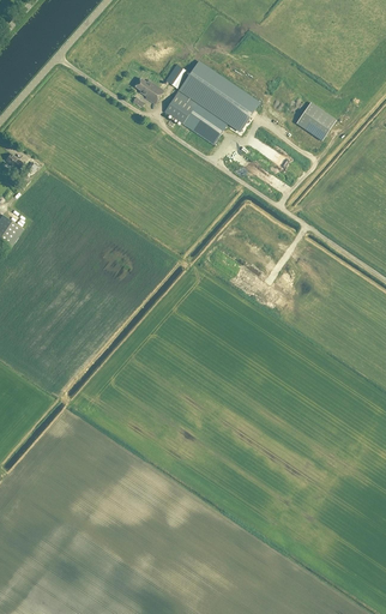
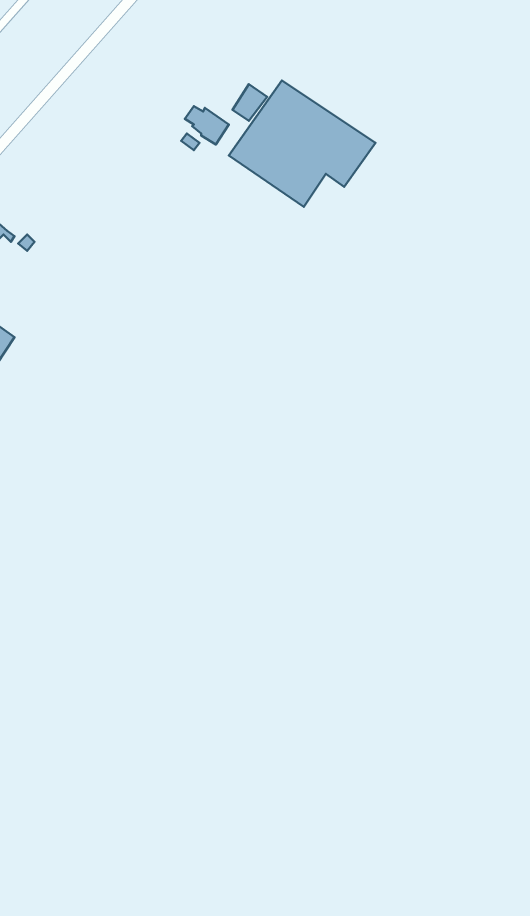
building: [296,102,336,140] -> none

